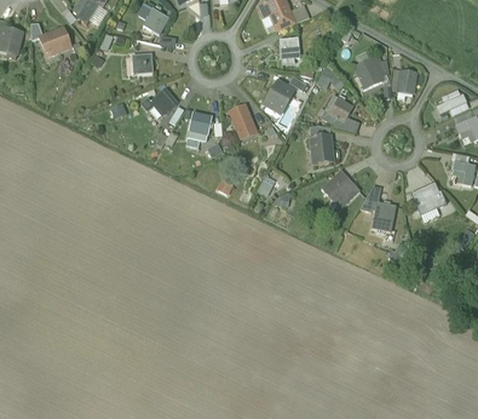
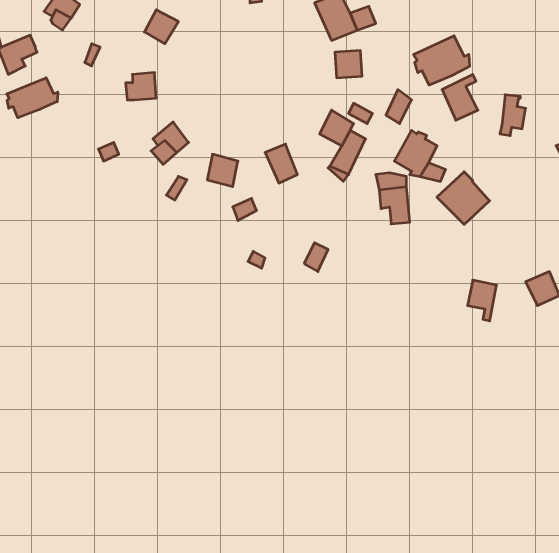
building: none -> [414,36,469,85]
building: none -> [7,78,58,118]
building: [321,170,358,207] -> [437,172,490,224]

